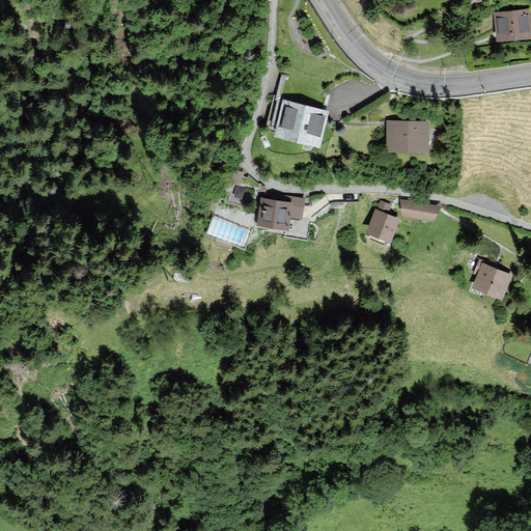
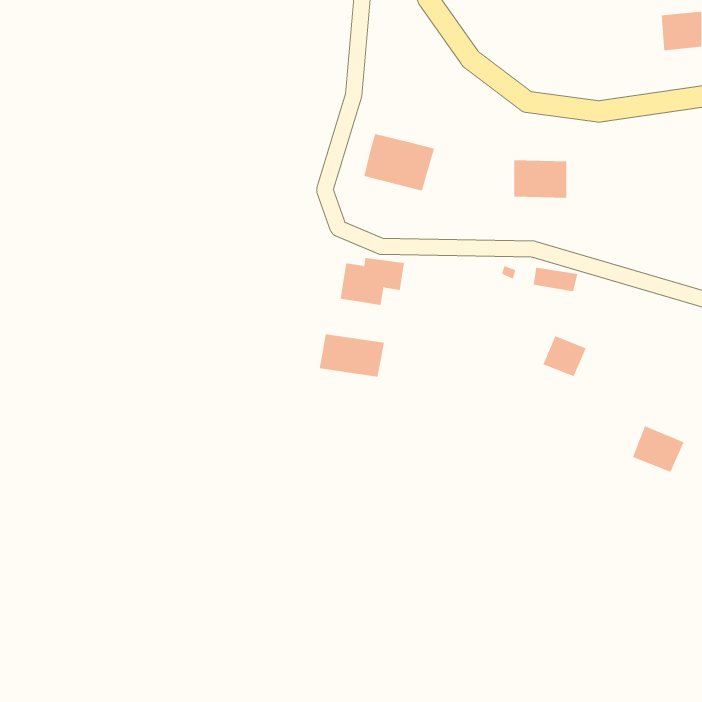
building: [366,209,399,241] -> [542,336,587,377]
building: none -> [319,333,384,378]
building: [472,263,511,299] -> [632,426,685,472]

